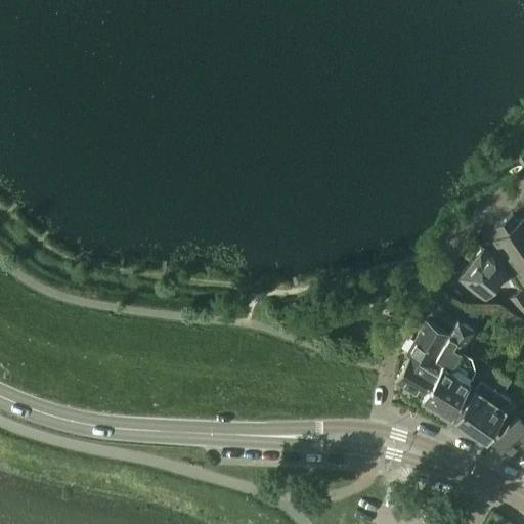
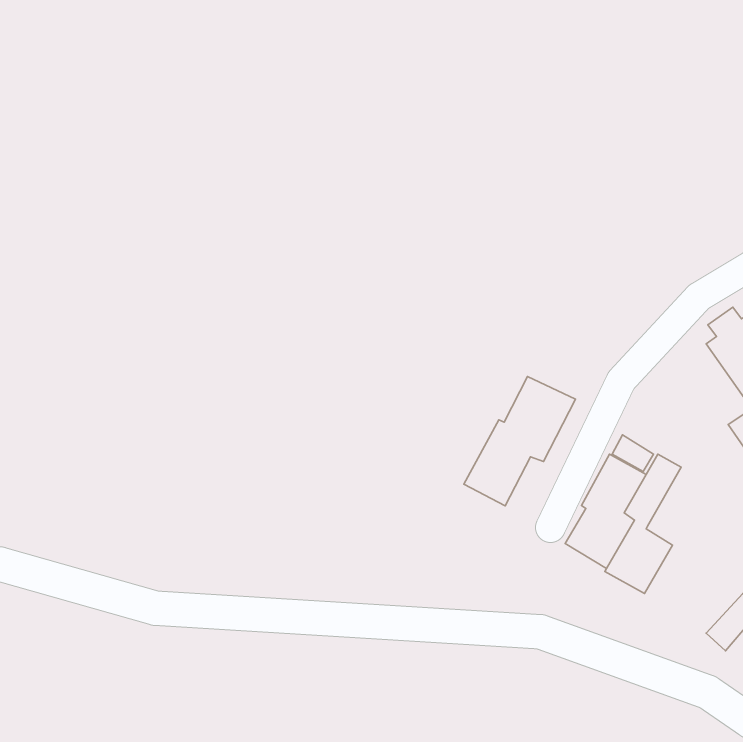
building: [462,252,510,301] -> none
building: none -> [464,376,576,506]
building: [460,370,516,443] -> none

